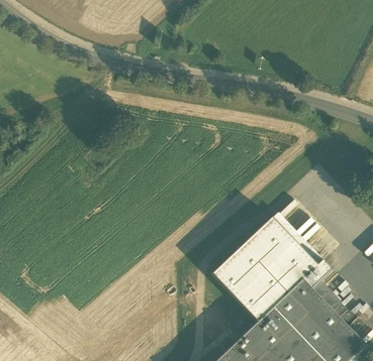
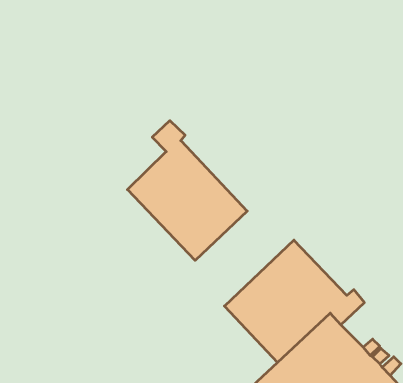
building: none -> [127,121,247,260]

